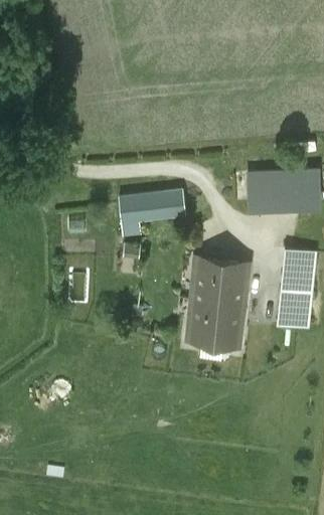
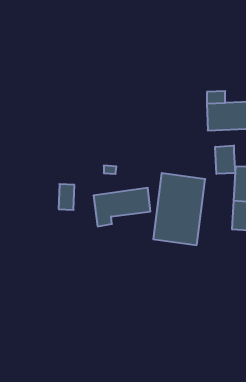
building: [116,192,184,238] -> [93,188,150,226]
building: none -> [215,145,235,174]

